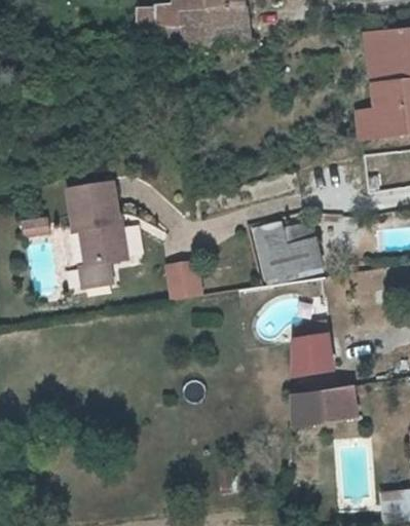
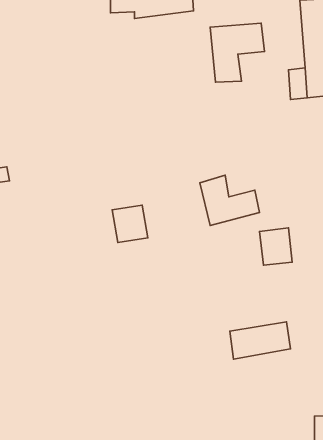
building: none -> [210,23,265,82]
building: [73,183,129,285] -> none
building: [296,334,332,375] -> [260,228,292,265]

